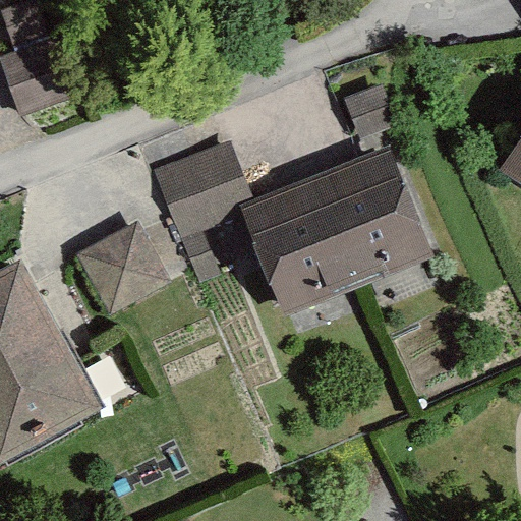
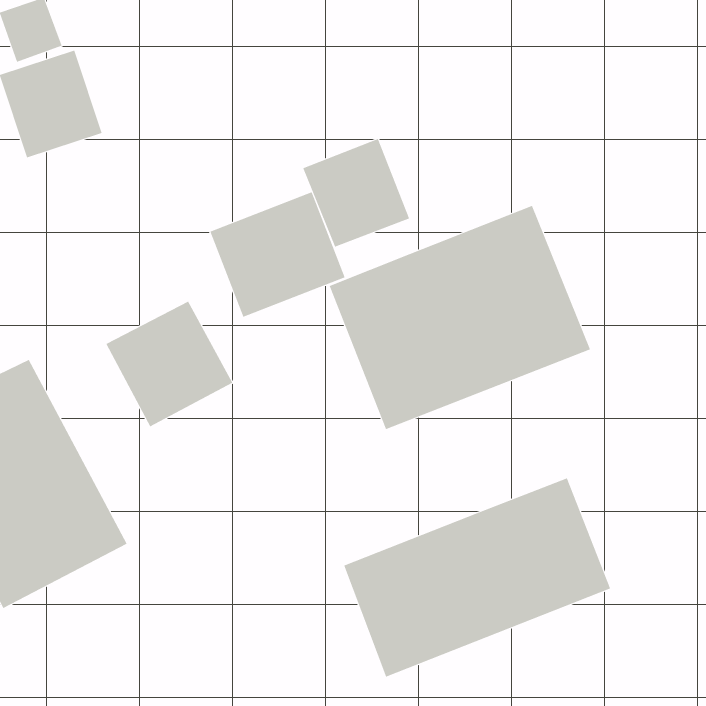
building: none -> [302,138,410,248]
building: none -> [343,477,611,678]

